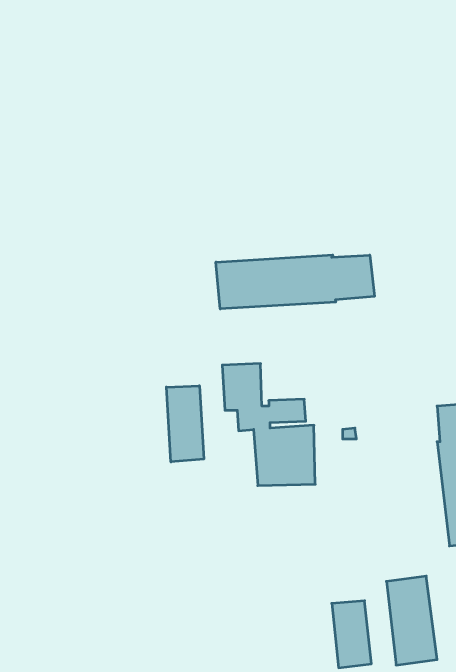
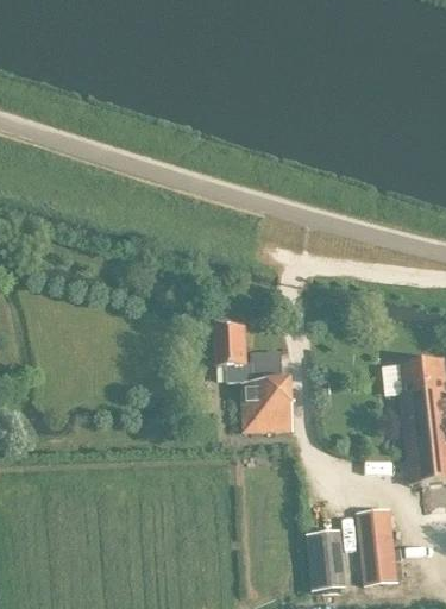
building: [216,255,374,309] -> none
building: [166,386,204,462] -> none

